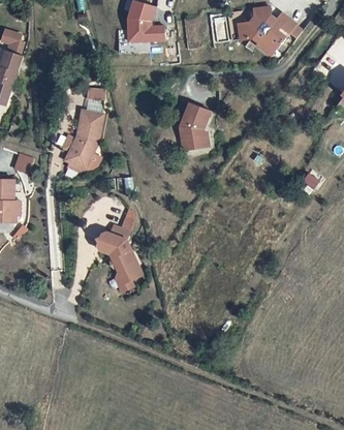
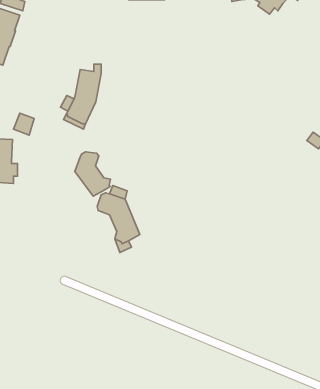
building: [179,103,209,150] -> none
building: none -> [75,152,110,196]

